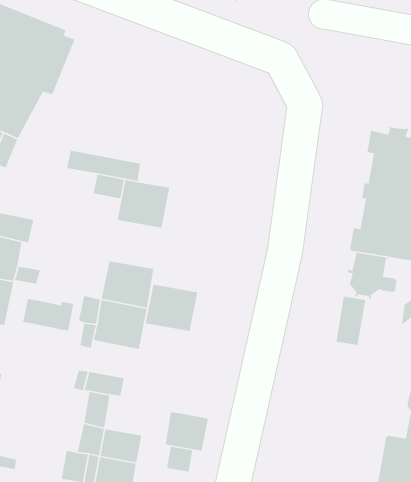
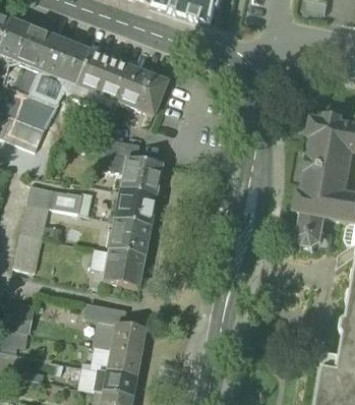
building: none -> [70,50,166,115]
building: [145,284,198,332] -> [114,188,155,225]
building: [335,296,366,346] -> none
building: [22,298,74,332] -> [53,187,93,213]
building: [165,412,209,452] -> [111,322,144,352]

